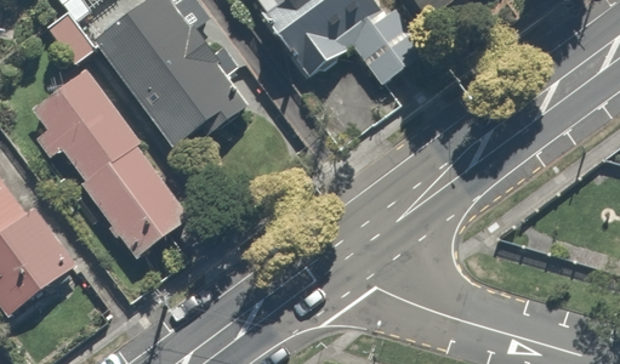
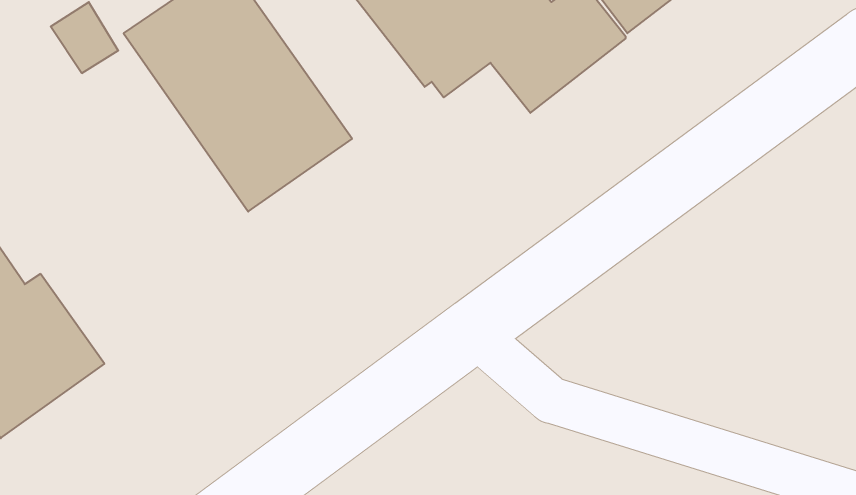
building: [29,69,194,267] -> none

